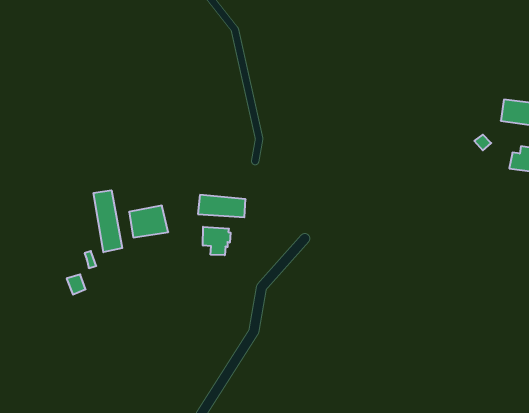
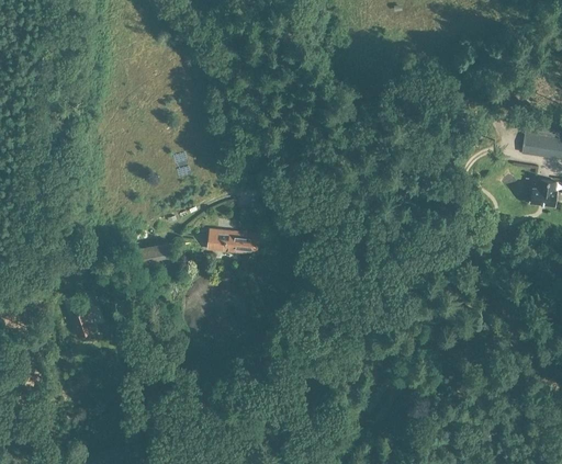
building: [94,190,122,252] -> none
building: [203,227,231,255] -> none

